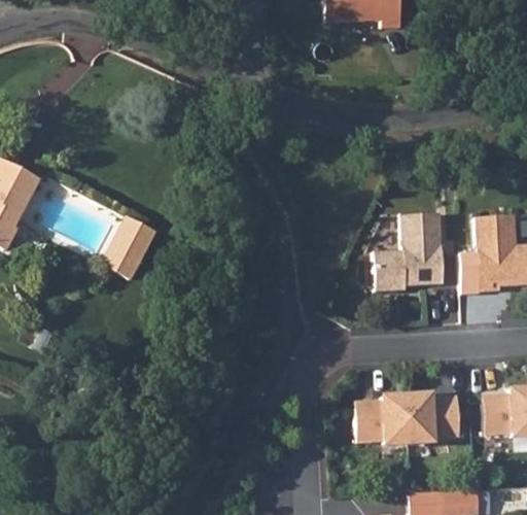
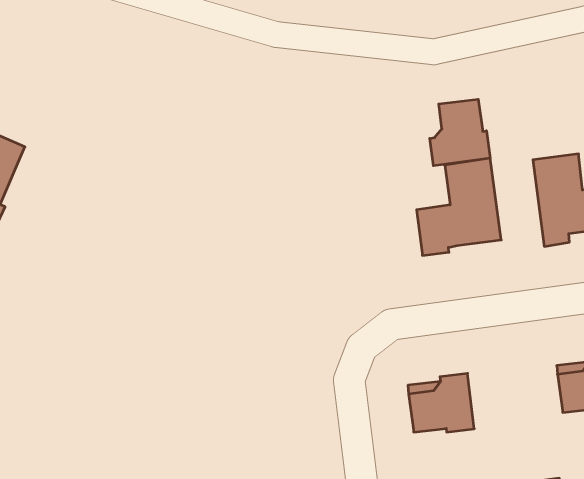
building: none -> [430,99,490,166]
building: [108,213,161,275] -> none
building: [403,393,457,442] -> none

